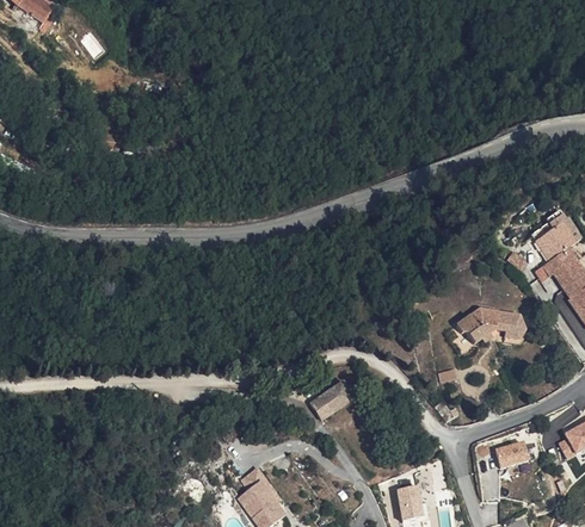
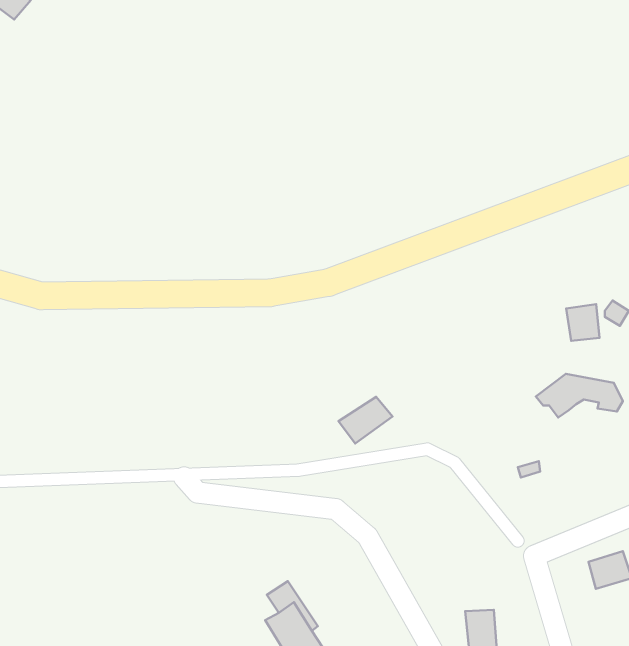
building: none -> [566,304,600,341]
building: [310,380,353,417] -> [339,397,393,444]

